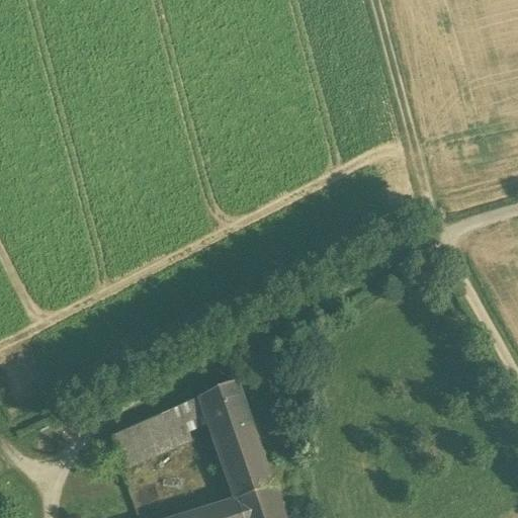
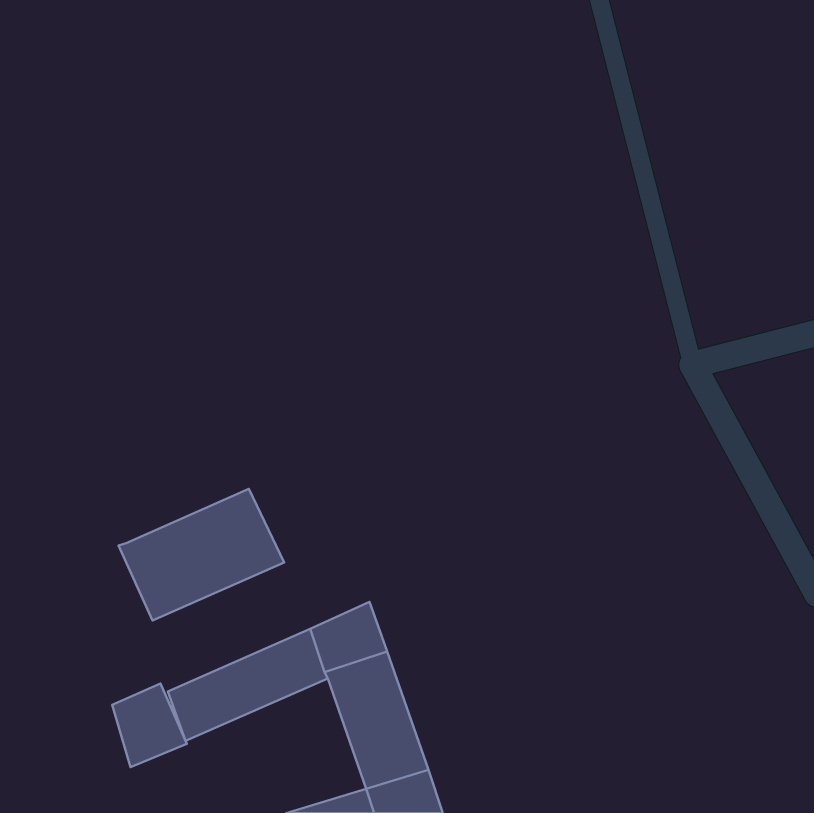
building: none -> [118,489,284,620]
building: none -> [112,684,187,767]

